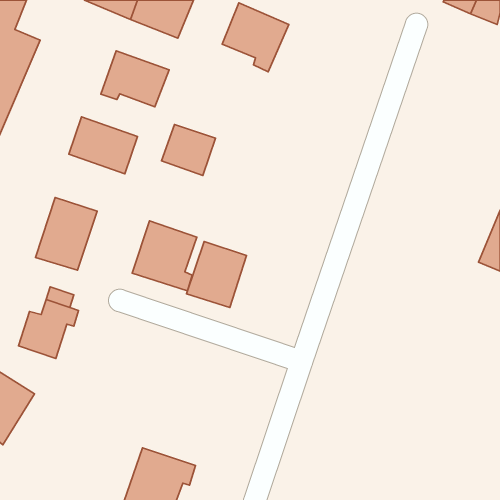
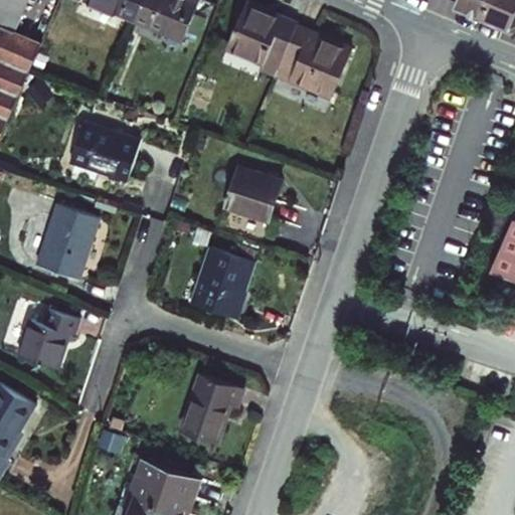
building: none -> [275,27,351,98]
building: [101,51,169,107] -> none
building: [162,124,216,176] -> [225,168,281,220]
building: [132,221,197,291] -> none
building: none -> [182,374,243,443]

